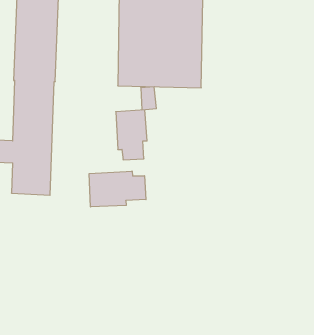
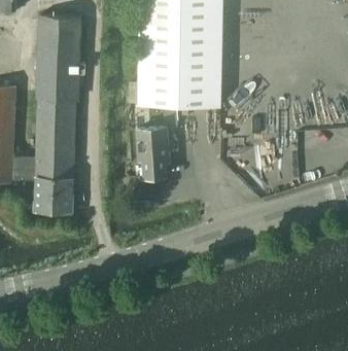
building: [89,171,146,207] -> none

